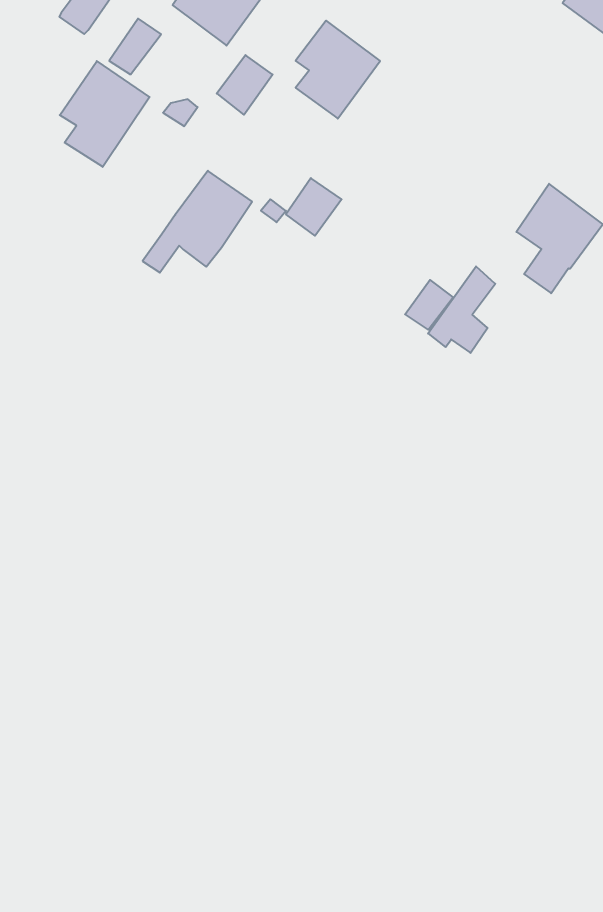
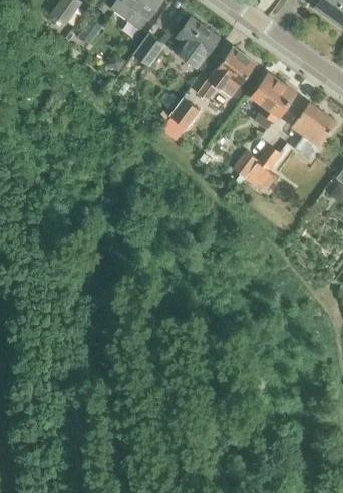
building: [60,61,150,167] -> none
building: none -> [251,73,296,122]
building: [143,171,252,273] -> [198,47,255,100]

